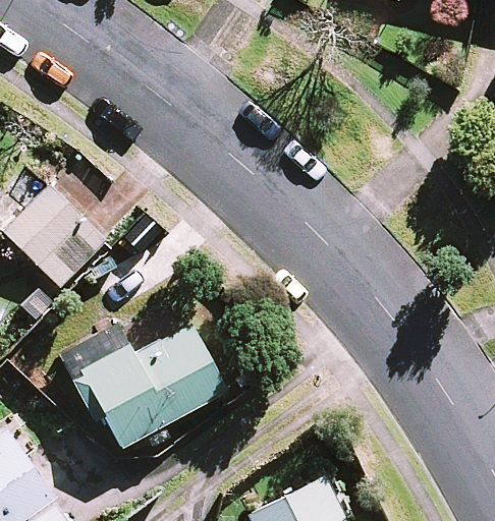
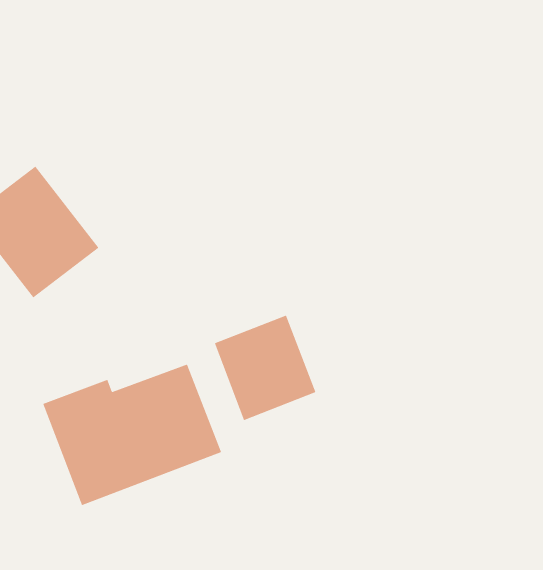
building: none -> [214,314,316,421]

